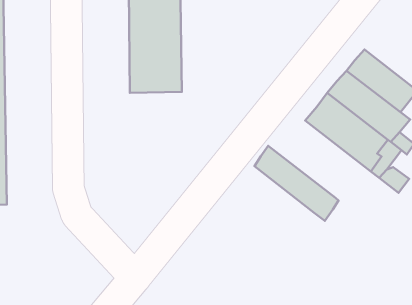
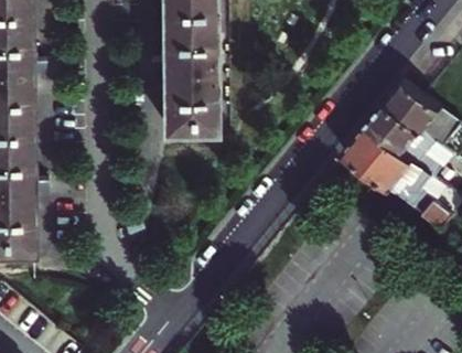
building: [255,146,339,221] -> none

